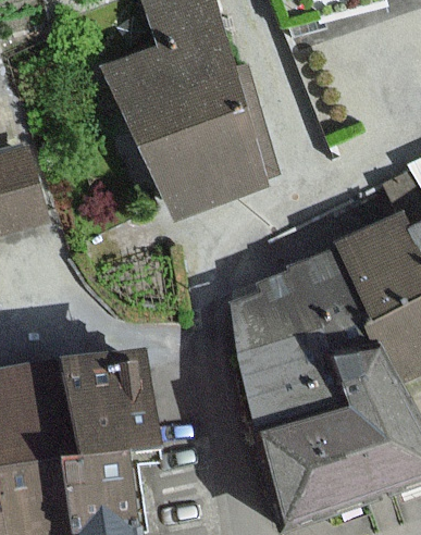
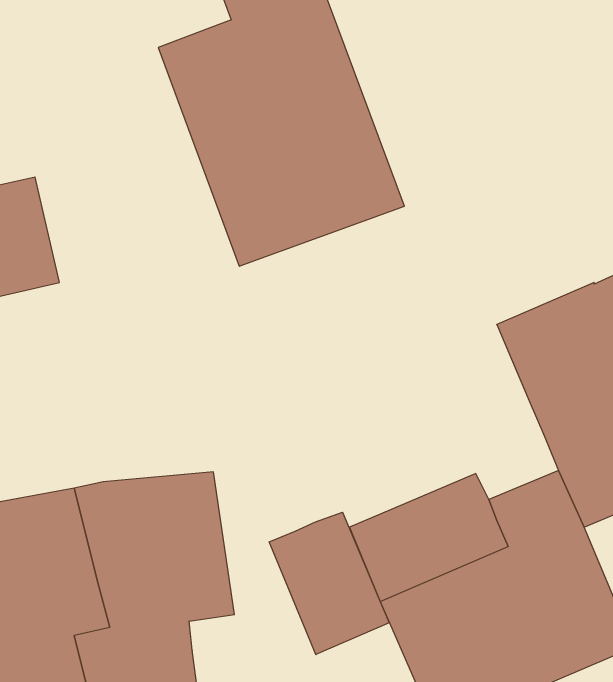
building: [225,251,379,378] -> none
building: none -> [269,512,389,655]

